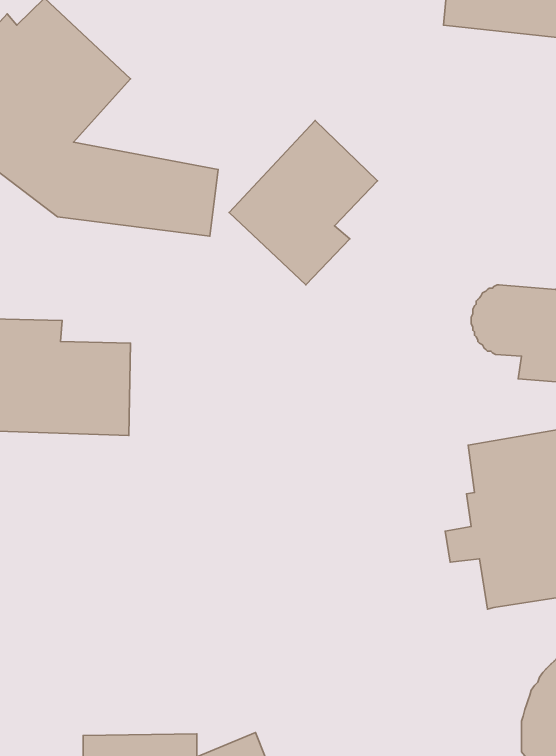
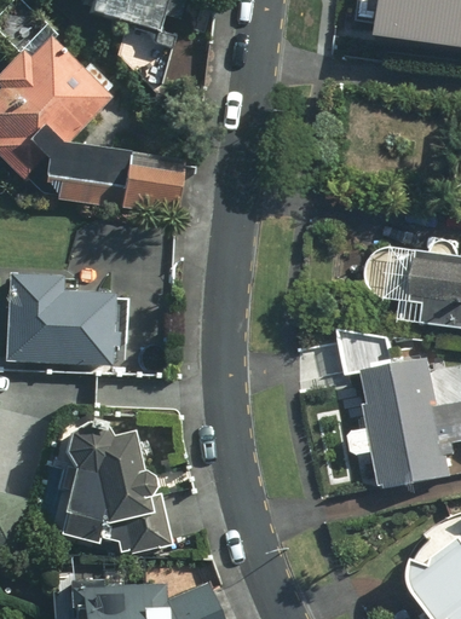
building: [229,121,378,285] -> none
building: none -> [57,420,172,554]

